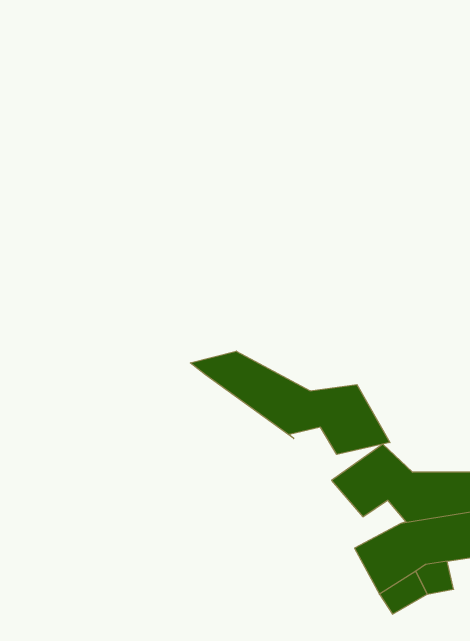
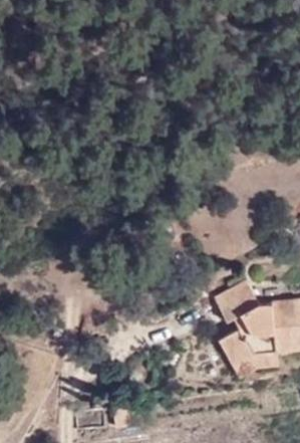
building: [190,351,390,454] -> none

